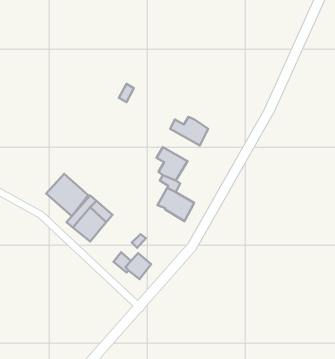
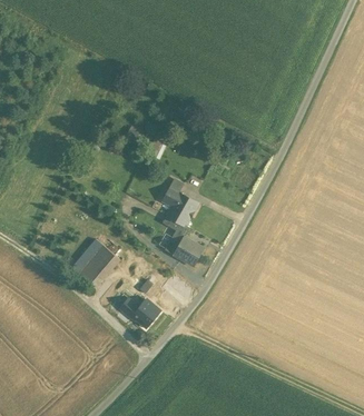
building: [170,117,208,145] -> none
building: [46,174,88,216] -> none

